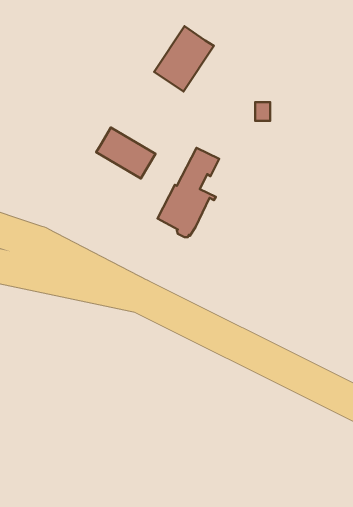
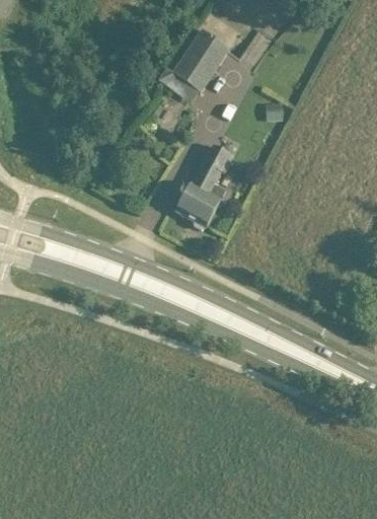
building: [96,127,155,178] -> none

